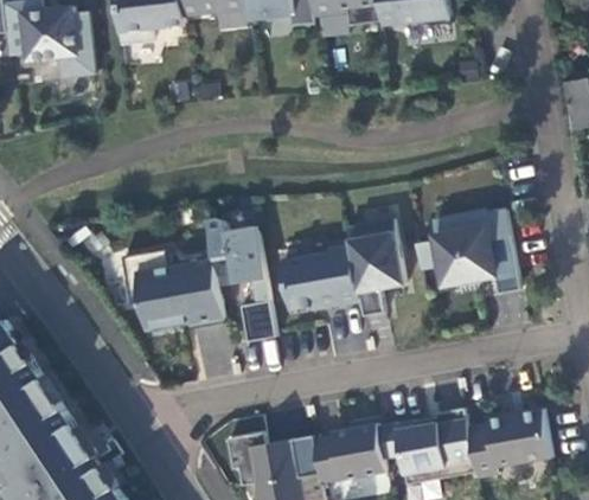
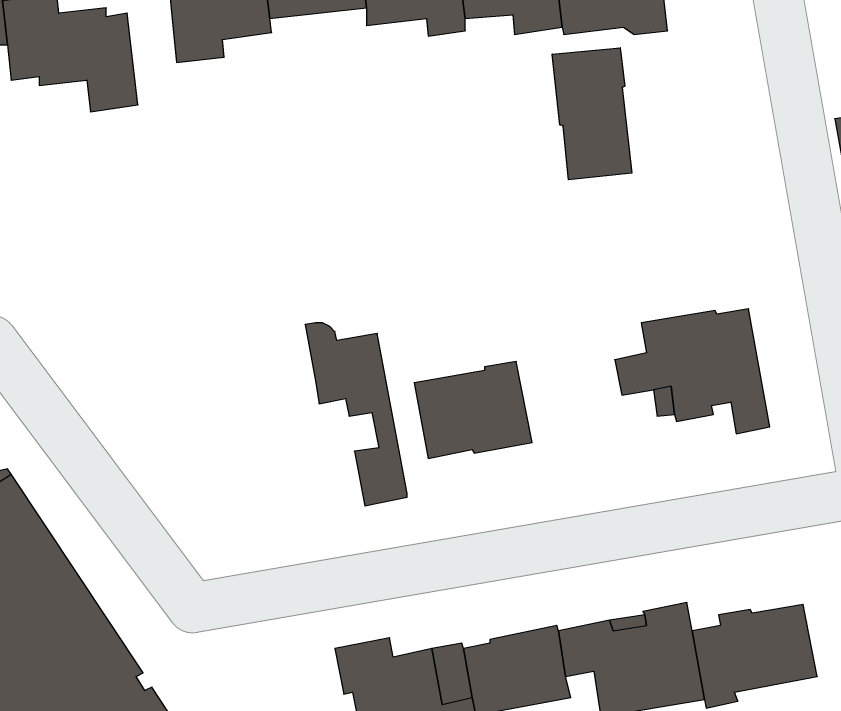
building: none -> [552,48,632,180]
building: [346,219,404,315] -> none
building: [121,249,225,333] -> none

